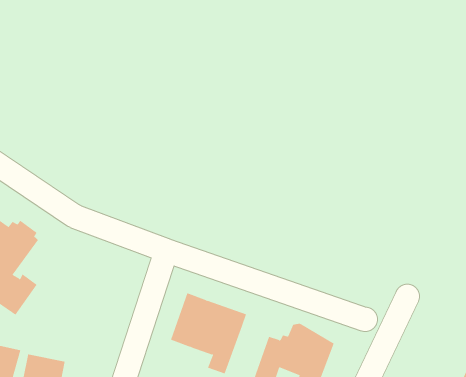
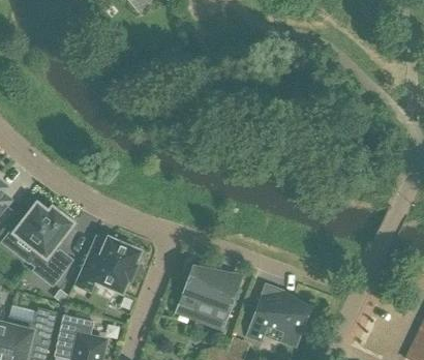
building: none -> [74,238,140,294]

